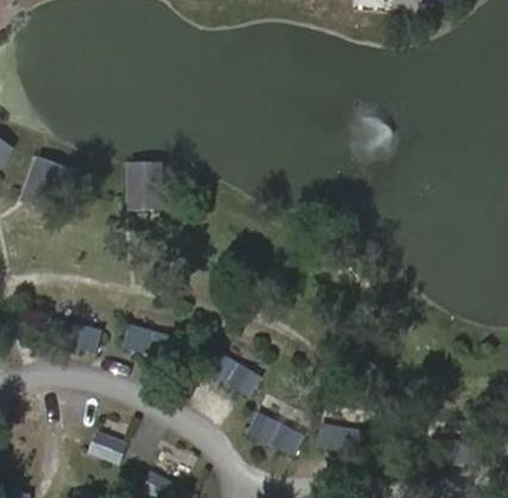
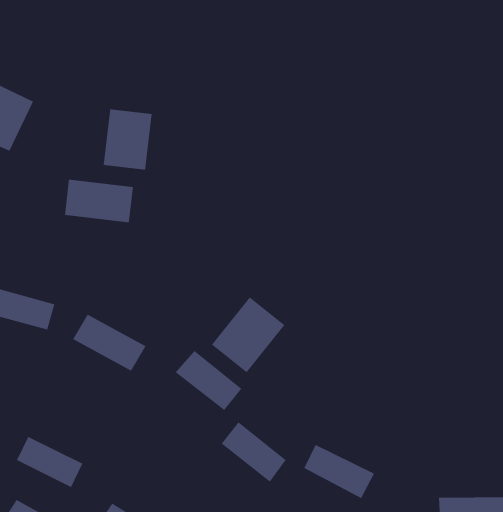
building: none -> [64,179,133,223]
building: none -> [211,297,285,373]

